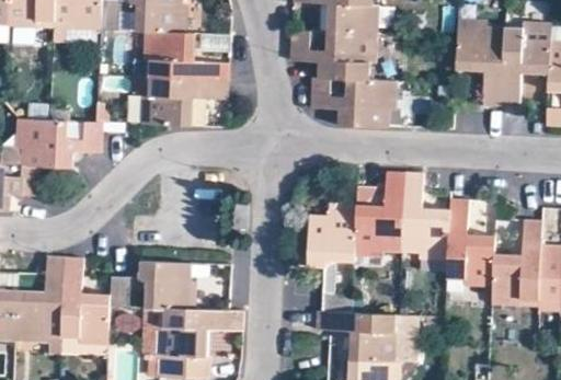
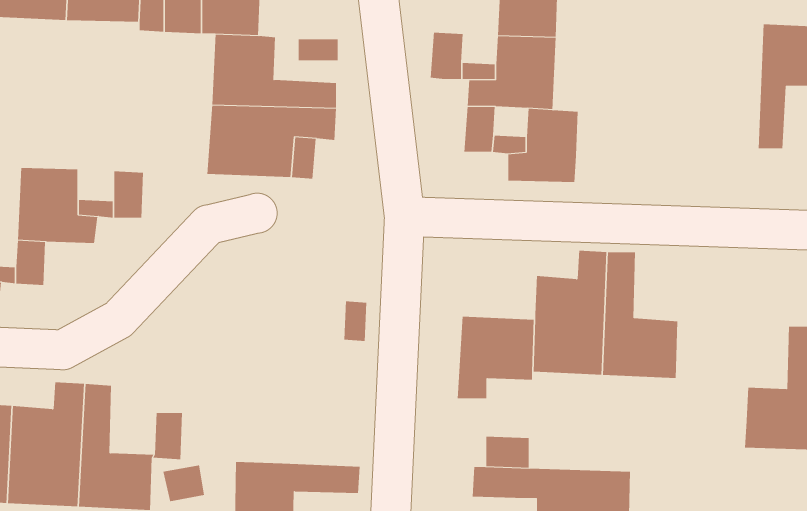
building: [458,22,505,105] -> none
building: [448,199,495,281] -> none
building: [139,261,196,309] -> none

